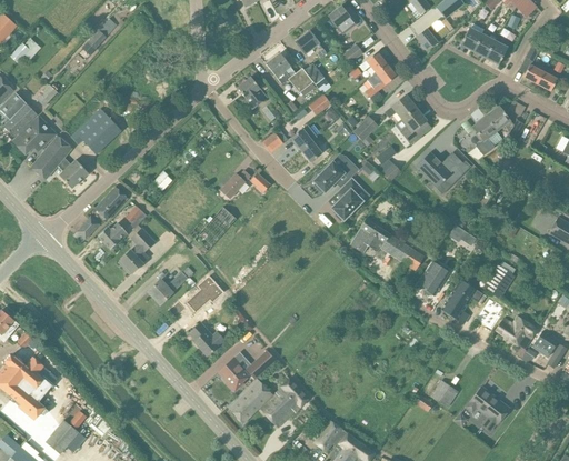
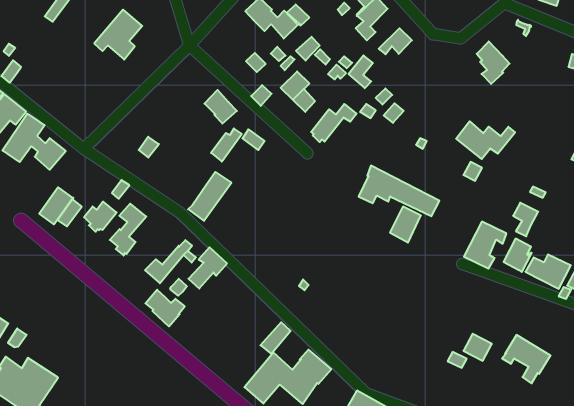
building: [237,77,266,108] -> [204,90,237,124]
building: [485,107,525,138] -> none
building: [399,108,430,142] -> none
building: [70,109,116,154] -> [94,10,142,60]
building: [416,151,470,187] -> [456,121,515,159]
building: [331,178,362,221] -> none
building: [94,187,127,220] -> [39,187,73,224]
building: [418,262,448,295] -> [390,207,421,243]
building: [188,322,223,357] -> [145,290,185,326]
building: [219,354,250,391] -> none

